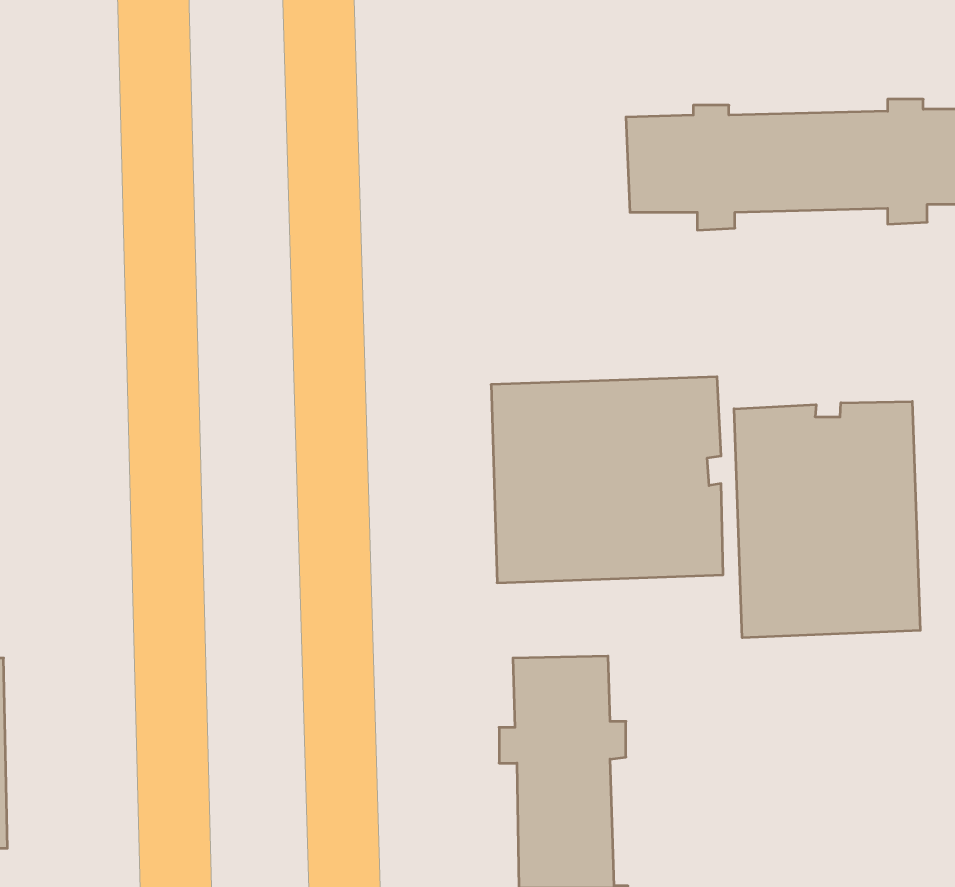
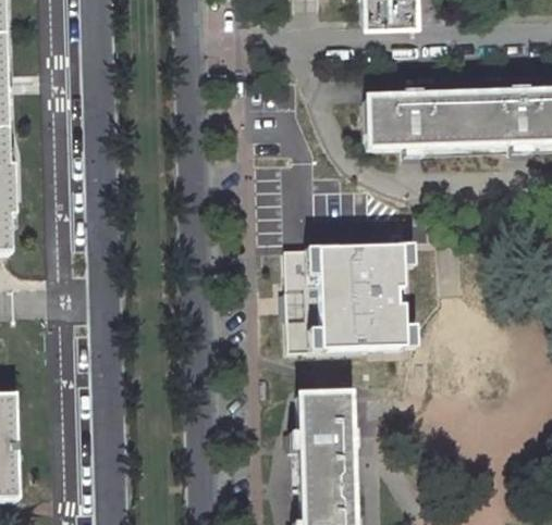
building: [734,401,920,638] -> none

